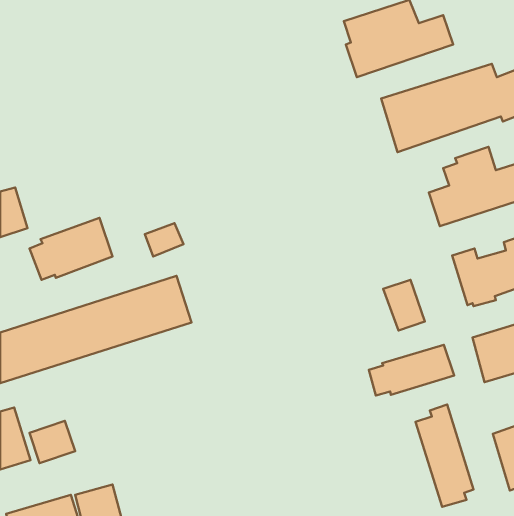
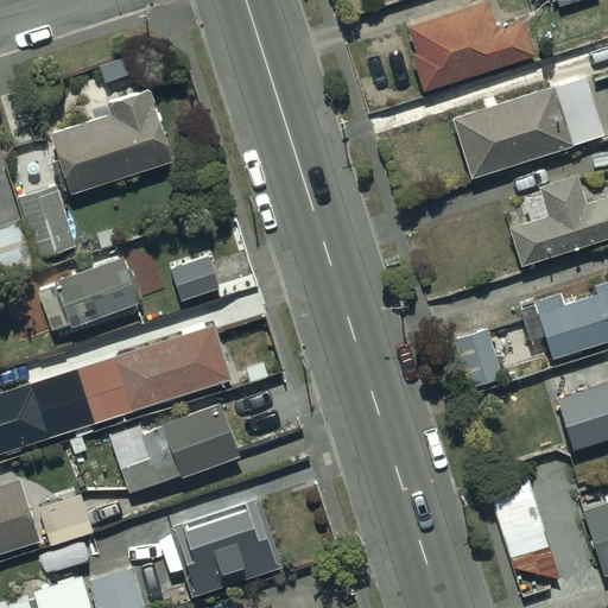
building: none -> [52,90,171,194]
building: none -> [19,184,91,259]
building: none -> [107,405,238,493]
building: [369,345,454,396] -> none
building: none -> [158,504,280,596]

